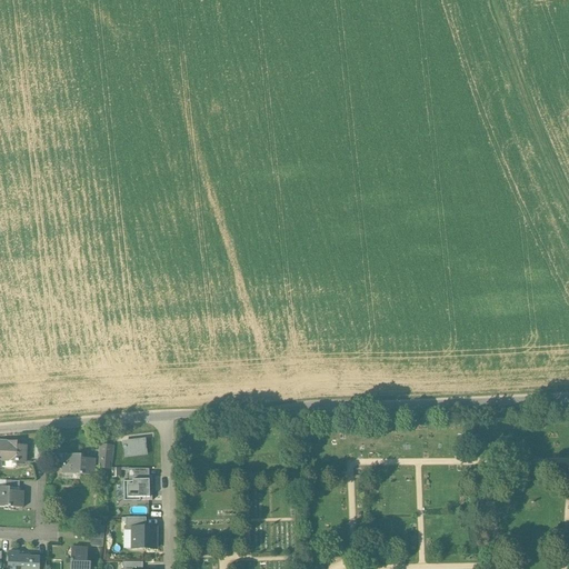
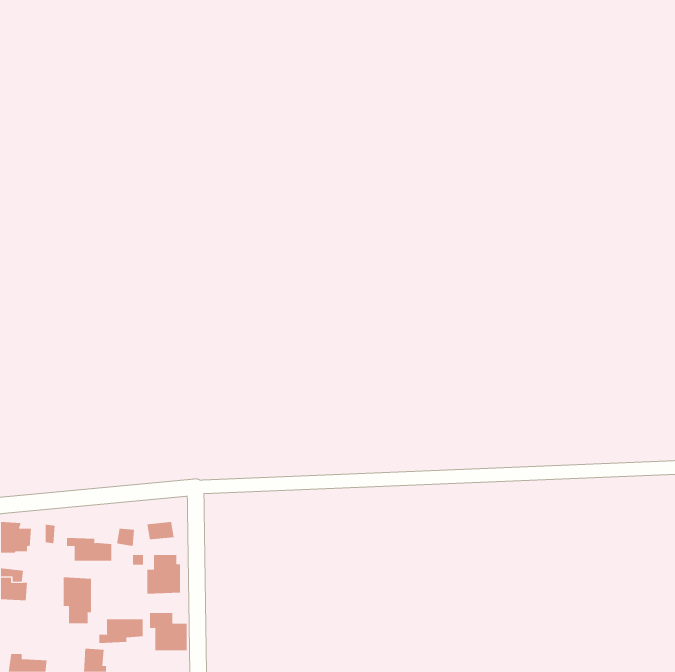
building: none -> [63,577,91,624]
building: none -> [99,618,143,644]

